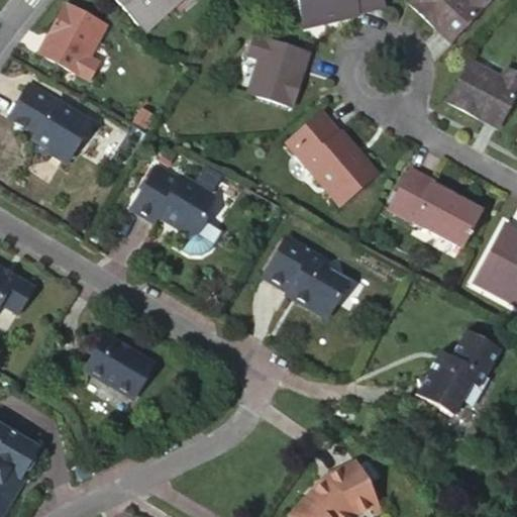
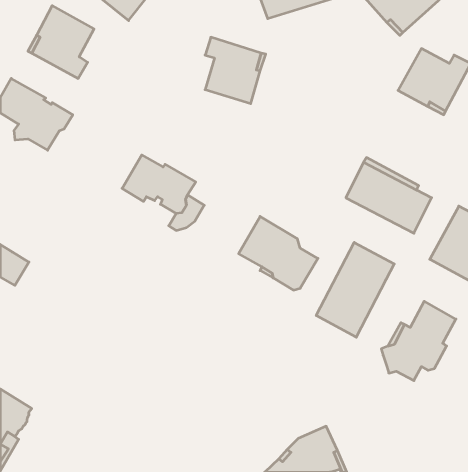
building: [287,118,375,209] -> none
building: none -> [316,242,394,337]
building: [90,331,159,395] -> none

